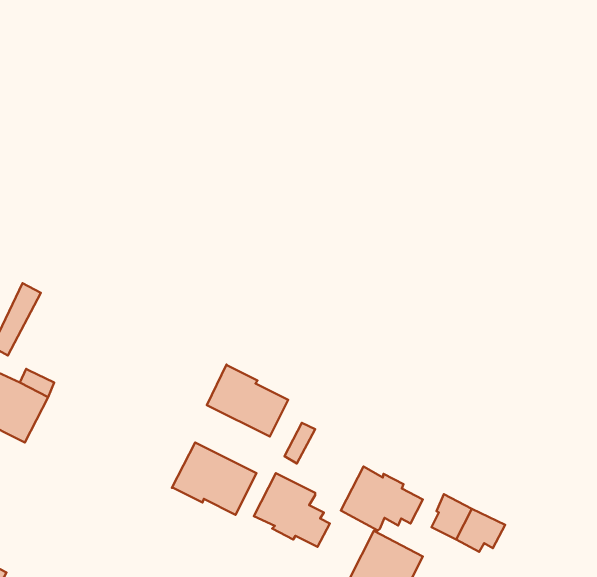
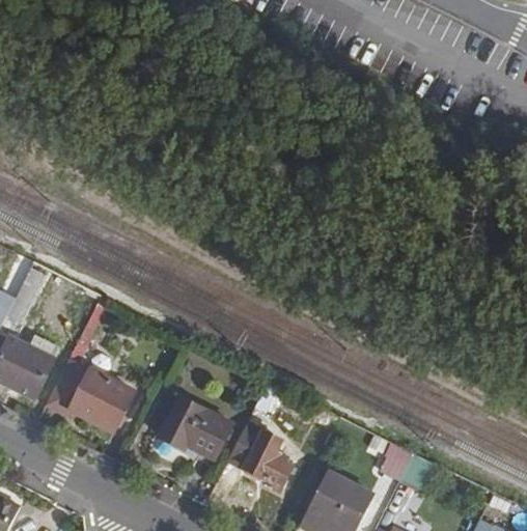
building: none -> [46,296,134,432]
building: [207,365,288,437] -> none
building: [341,467,423,530] -> none

